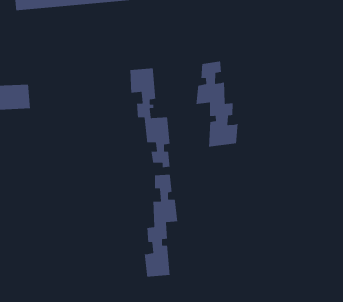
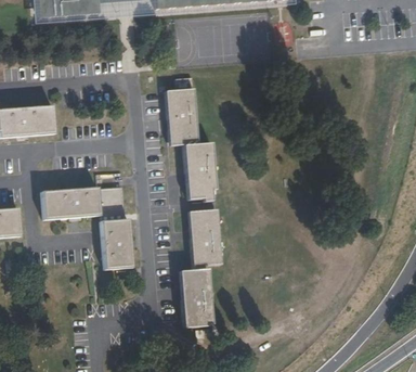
building: [196,60,239,148] -> none
building: none -> [42,188,132,269]

